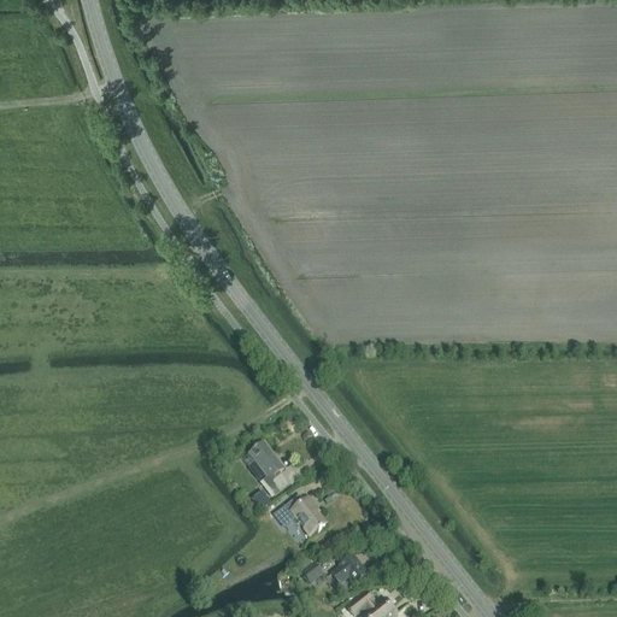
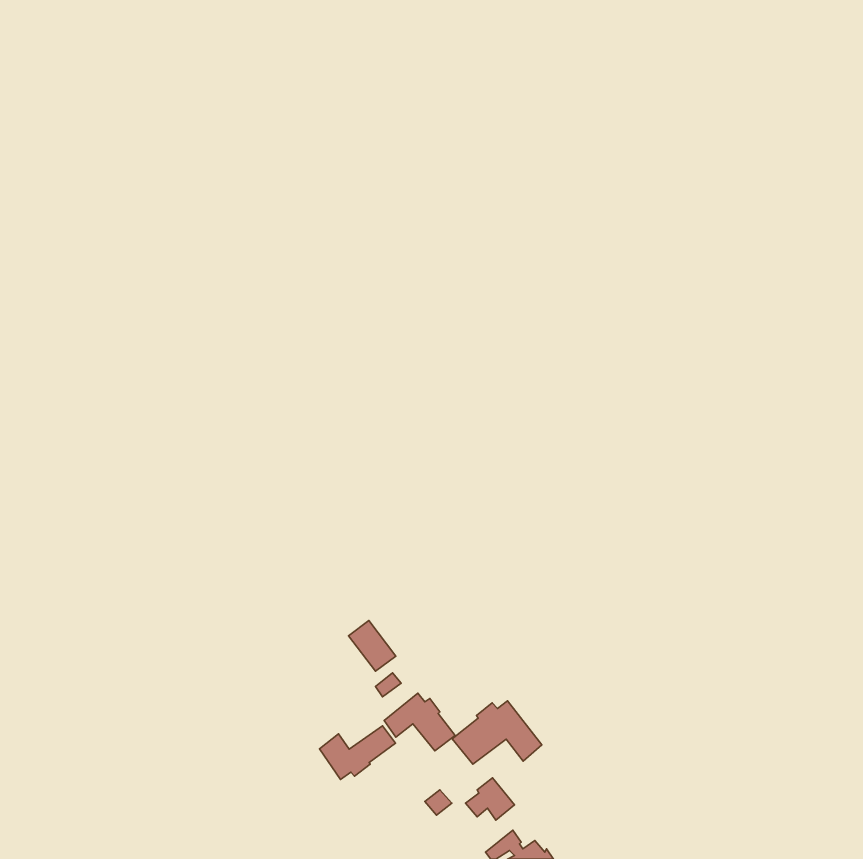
building: none -> [452,701,542,764]
building: none -> [320,726,395,779]

